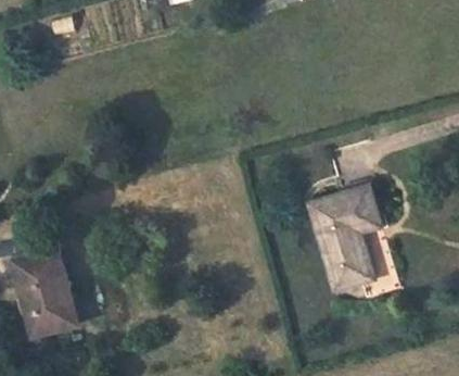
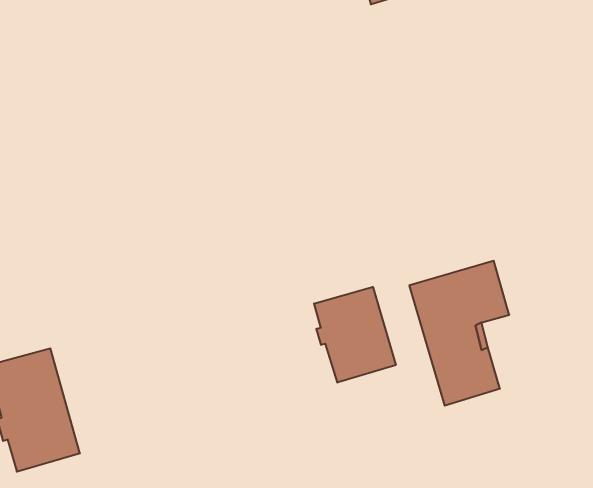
building: none -> [314,287,396,383]

